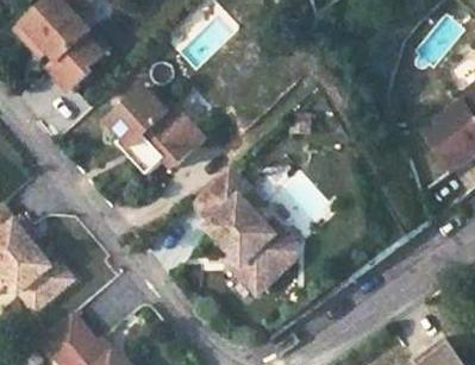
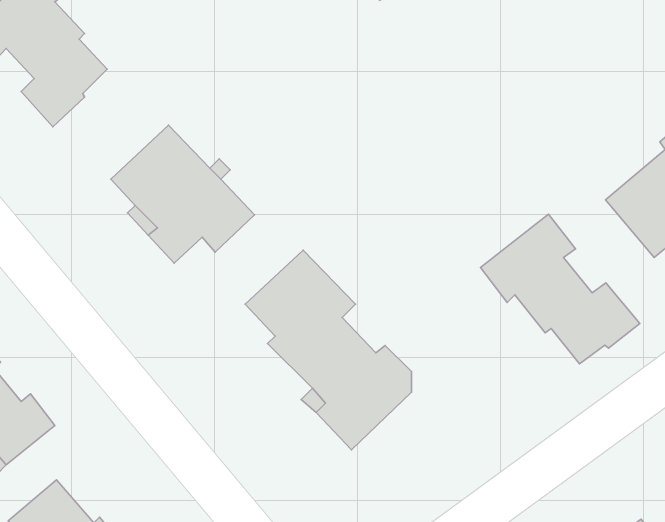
building: none -> [480,214,640,364]

